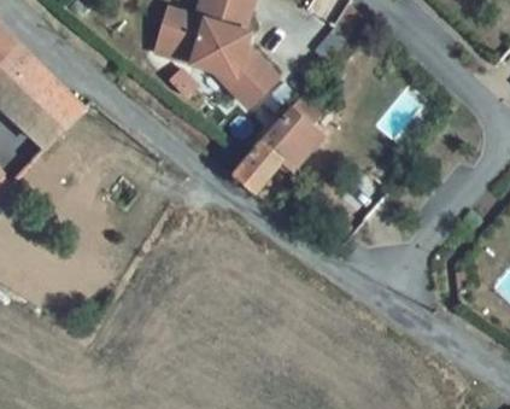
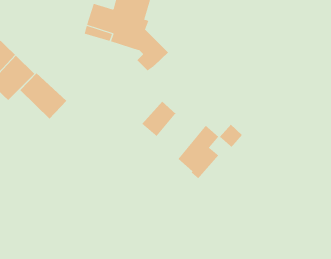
building: [263,97,322,174] -> [177,125,219,179]
building: none -> [19,72,67,119]

